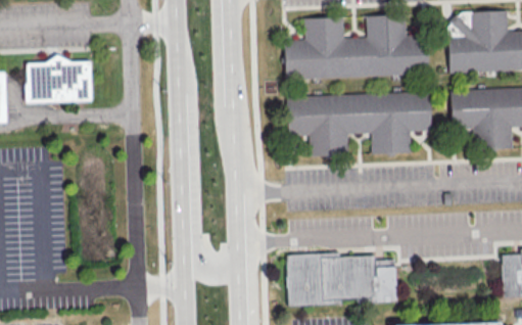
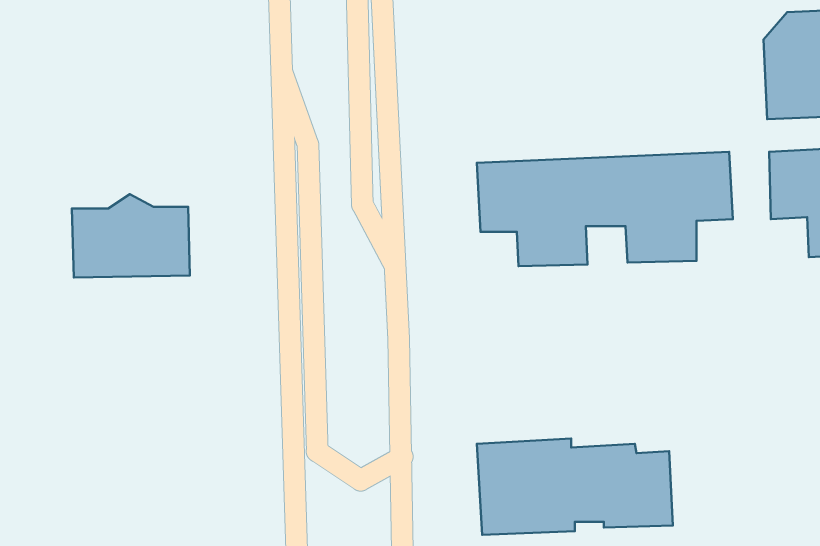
building: [286,15,429,80] -> none
building: [26,55,92,102] -> [72,194,190,277]

